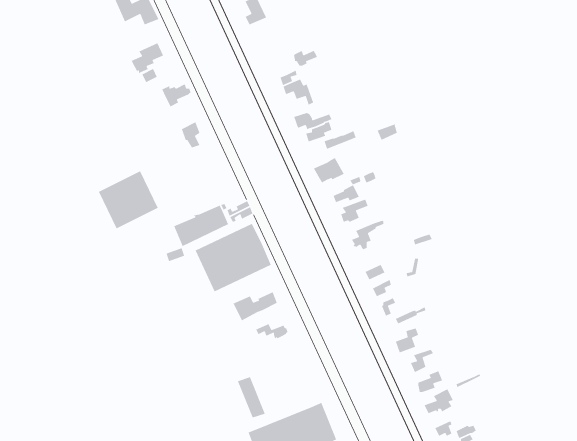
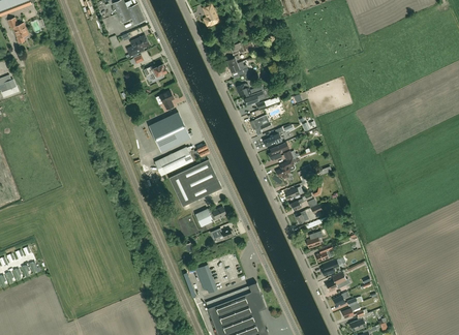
building: [98,170,159,229] -> [149,112,190,152]

